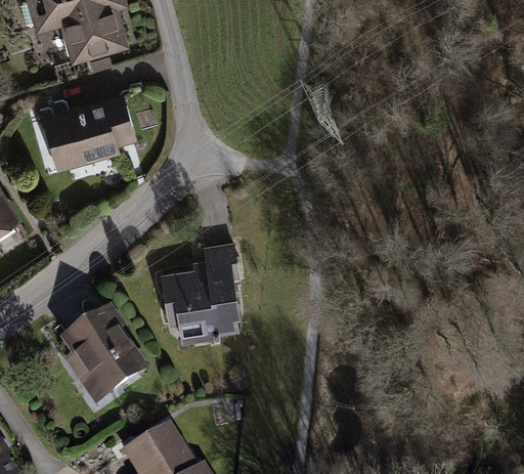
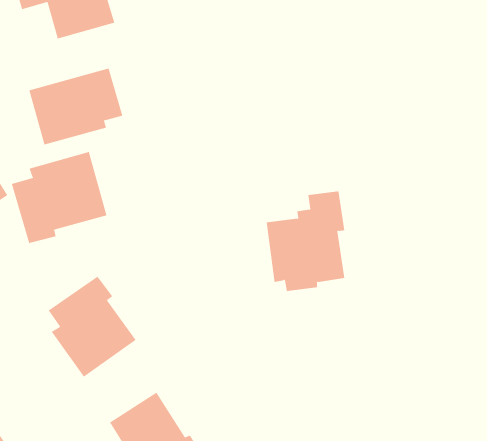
building: none -> [11,151,107,244]
building: [160,242,239,343] -> [266,191,345,292]

